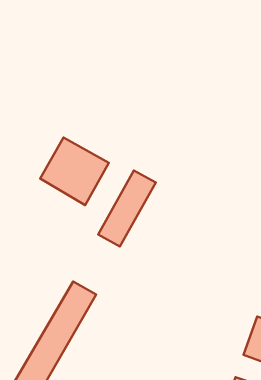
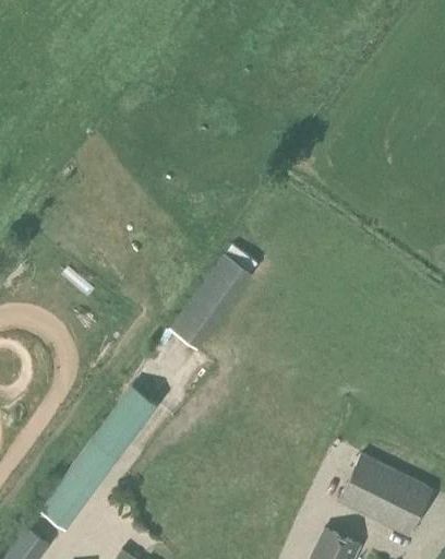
building: [40,138,109,205] -> none

